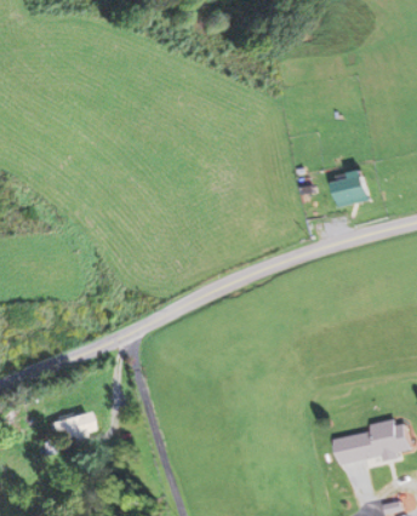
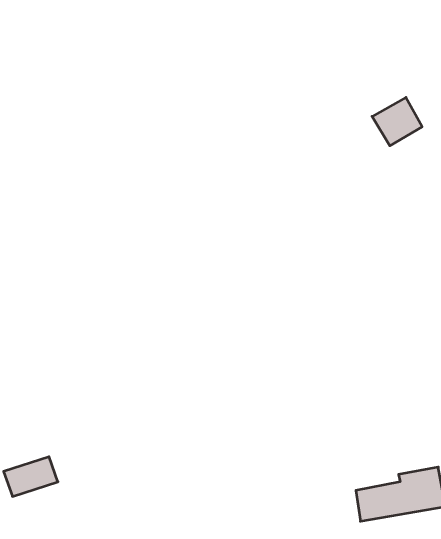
building: [331,171,372,211] -> [372,97,422,146]

